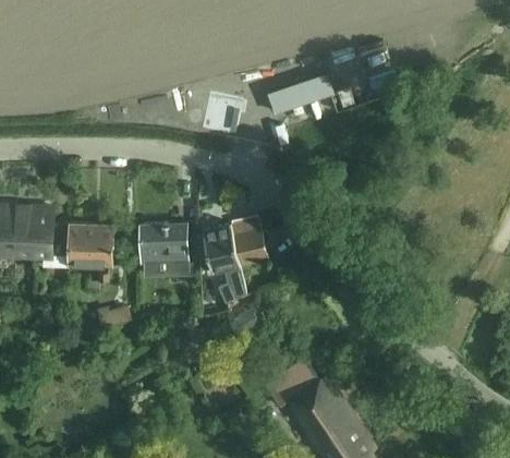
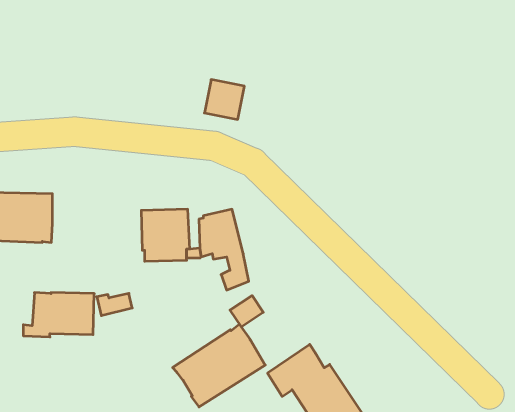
building: [271,72,335,111] -> none
building: [232,218,268,265] -> none
building: [44,222,113,266] -> [23,293,94,337]
building: none -> [173,324,265,407]

